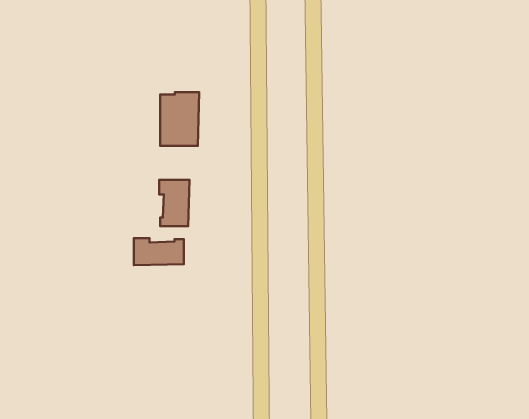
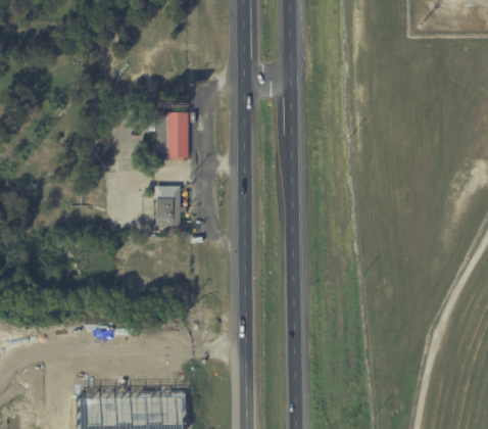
building: [134,238,184,265] -> none

